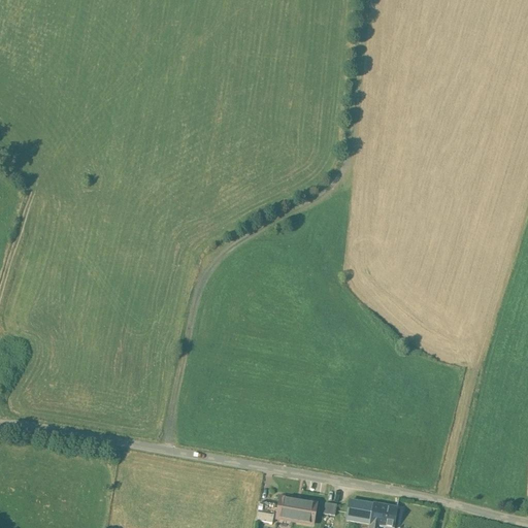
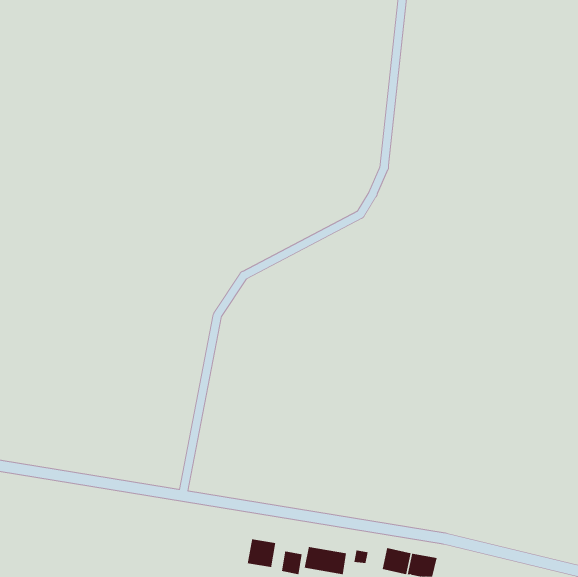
building: none -> [247,538,276,568]

